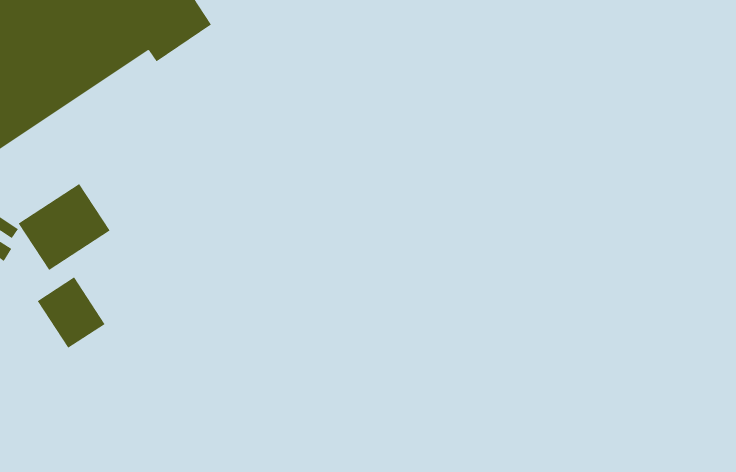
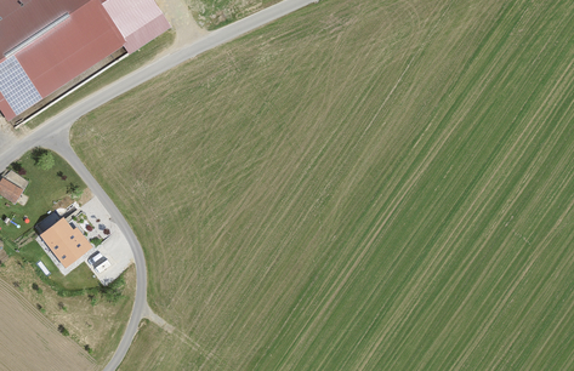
building: [18,183,110,271] -> none

